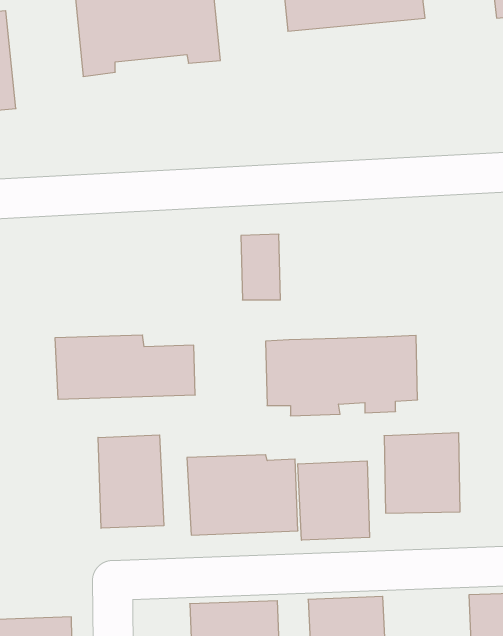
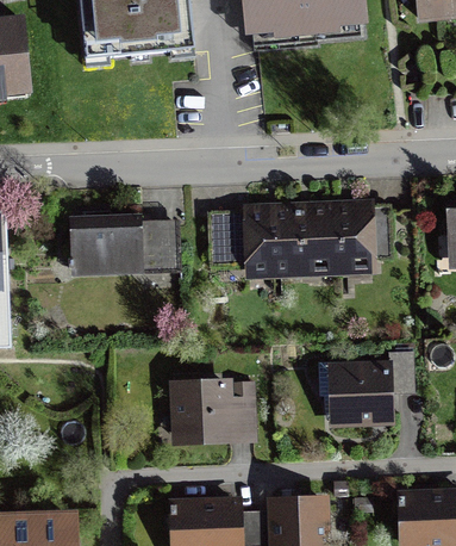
building: [55,335,195,399] -> [69,212,183,265]
building: [266,335,418,416] -> [250,201,374,267]
building: [98,435,164,528] -> none
building: [298,461,370,540] -> none

